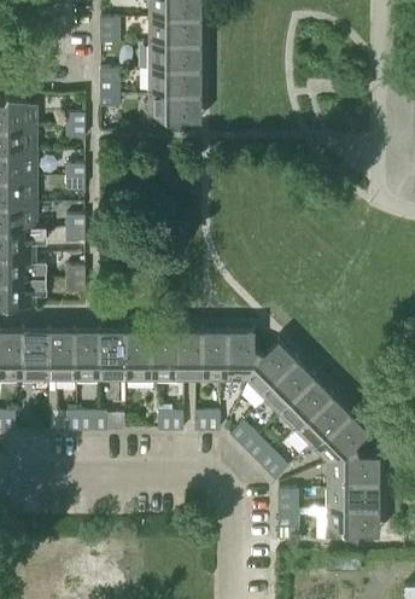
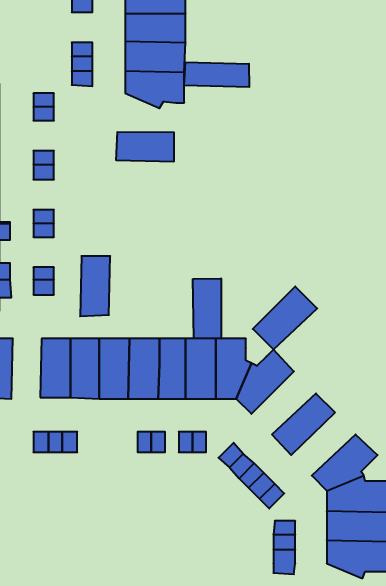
building: none -> [184,62,249,87]
building: none -> [116,132,174,162]
building: none -> [193,278,221,339]
building: [47,330,74,383] -> [80,256,110,316]
building: [258,359,315,414] -> [253,286,317,350]
building: [293,395,350,450] -> none

